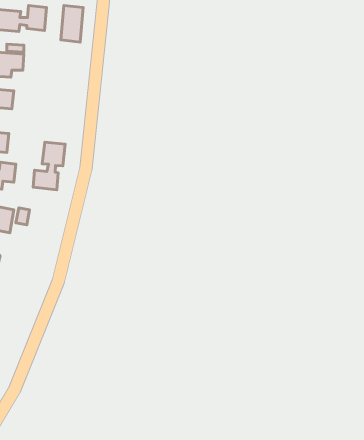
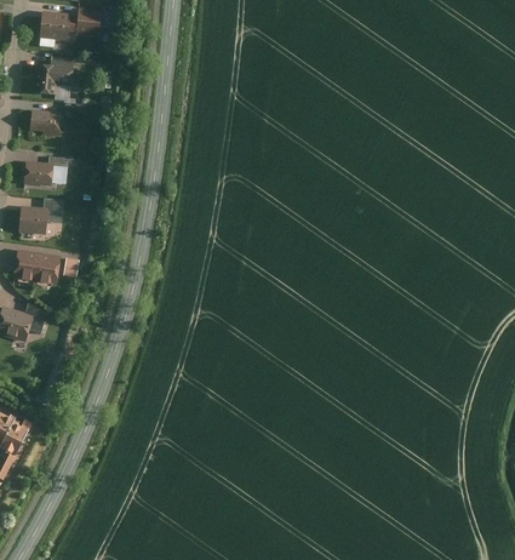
building: [61,5,83,42] -> none
building: [33,142,65,190] -> none

